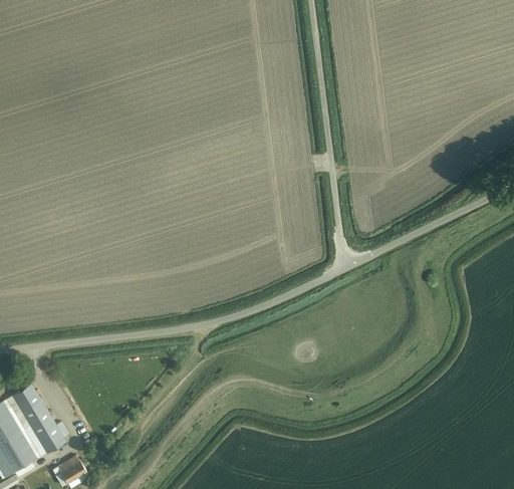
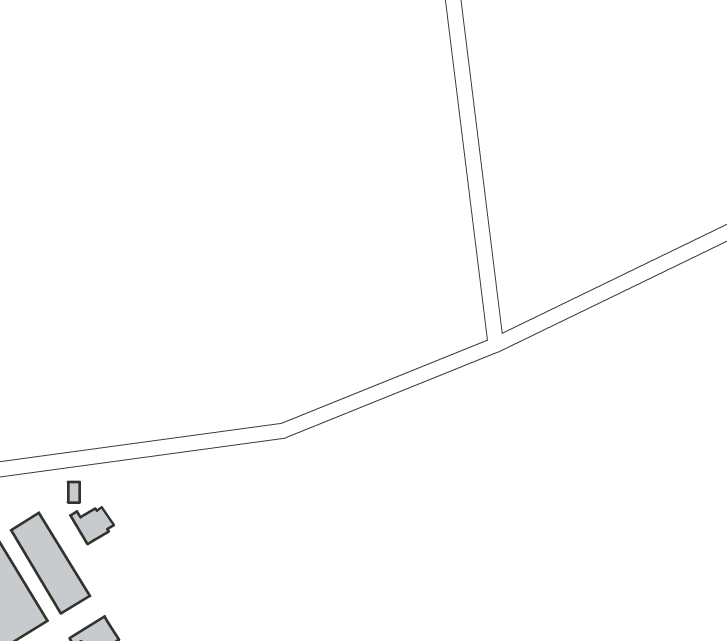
building: none -> [70,507,114,544]

